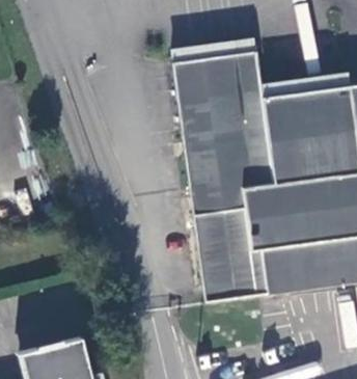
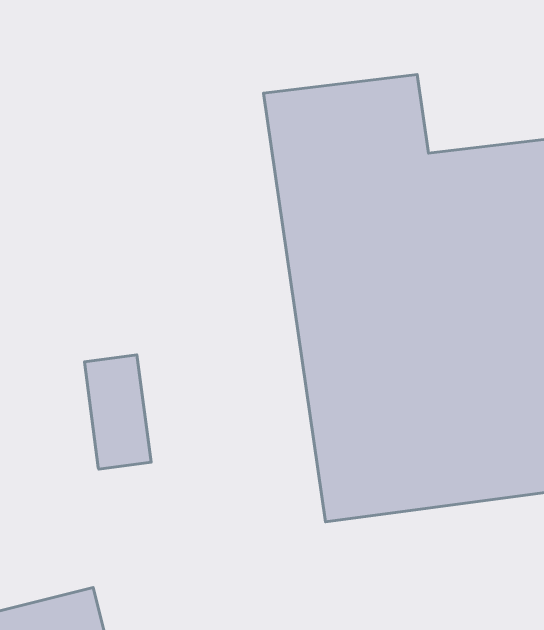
building: none -> [84,355,151,469]

